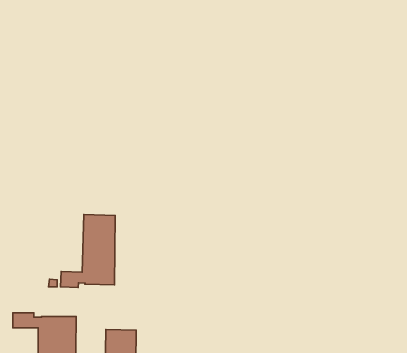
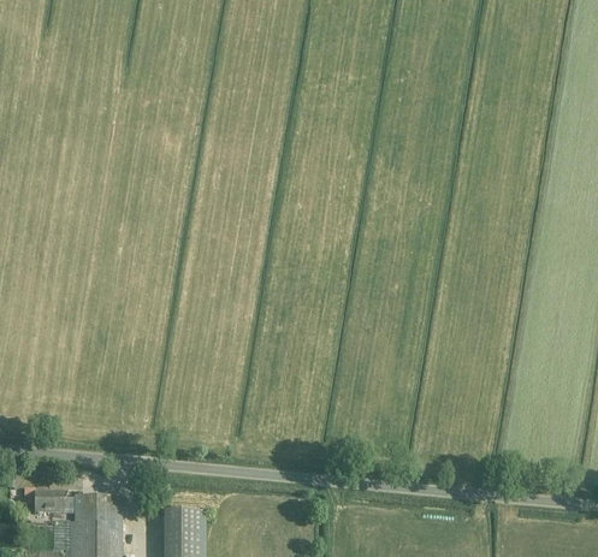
building: [61,215,115,287] -> none

